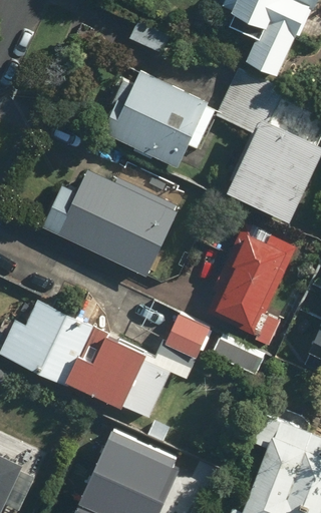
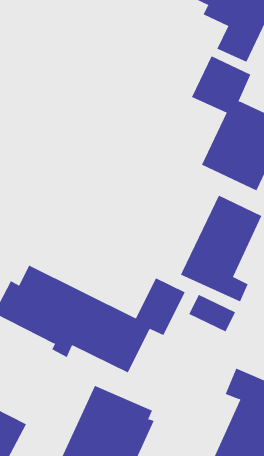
building: [99,70,216,166] -> none
building: [41,157,173,269] -> none

